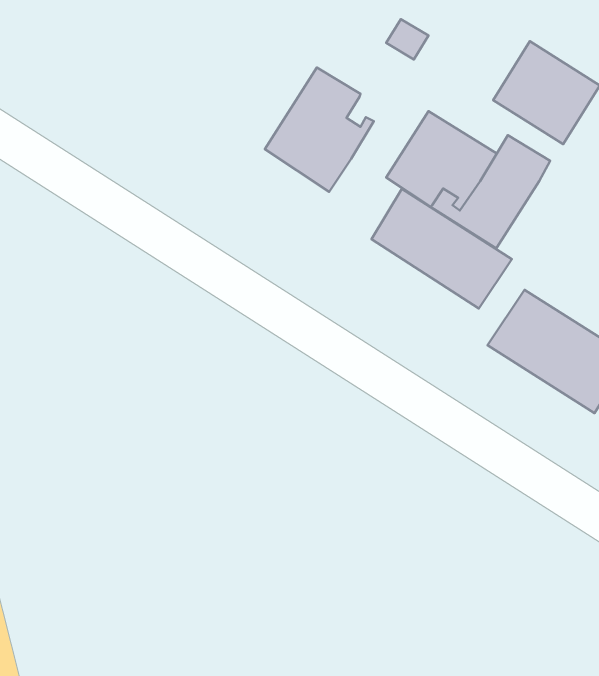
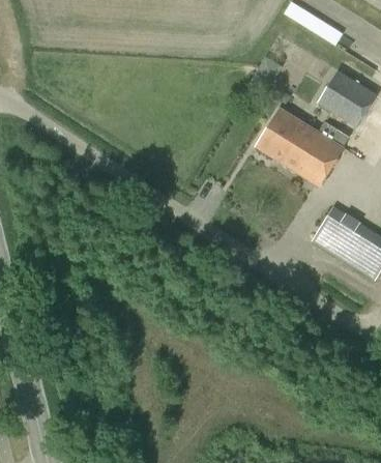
building: [265,68,374,192] -> none
building: [371,189,512,309] -> none

